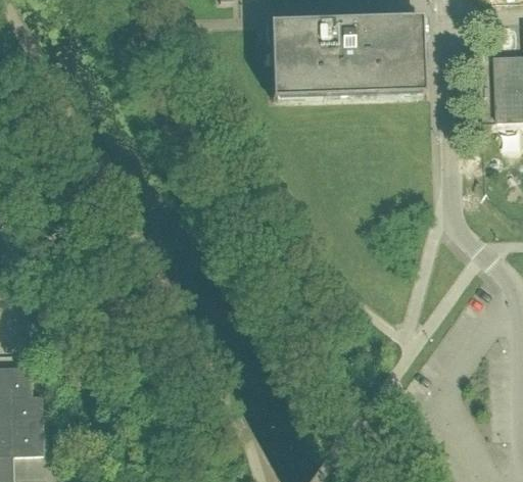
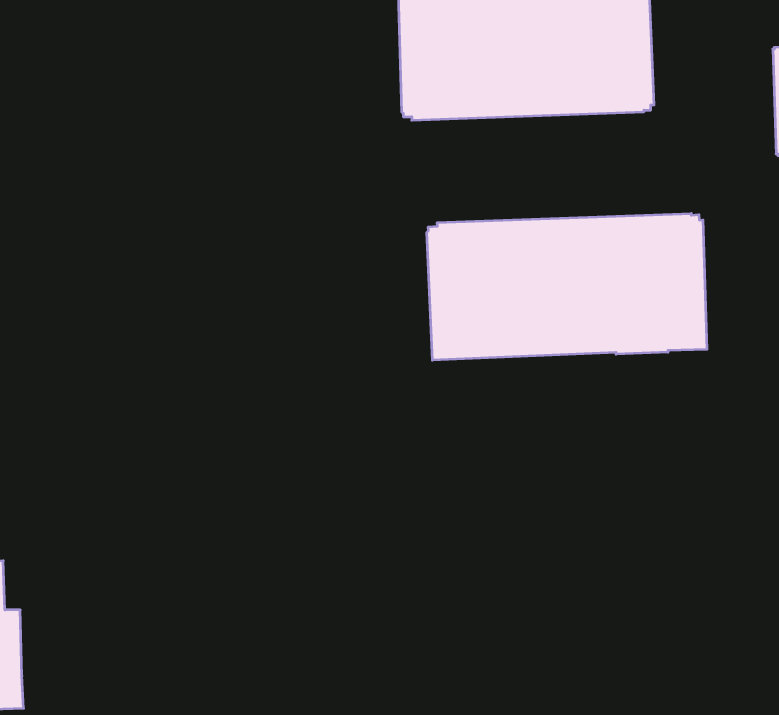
building: none -> [427,213,707,360]

